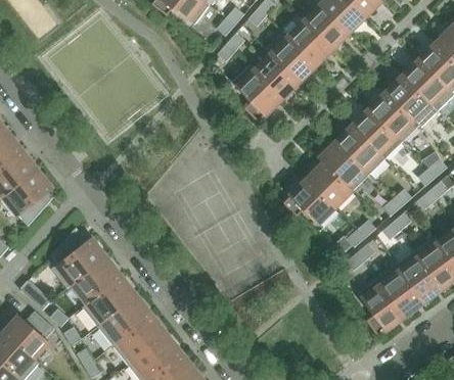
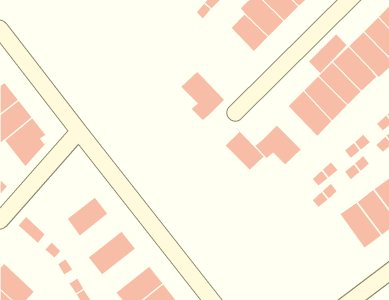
building: [233,65,282,121] -> [181,71,225,121]
building: none -> [308,34,347,74]
building: [308,157,352,205] -> [225,127,265,171]
building: [51,227,106,287] -> none
building: [89,276,136,320] -> none
building: [358,277,405,335] -> none
building: [5,311,54,360] -> none
building: [114,315,167,364] -> none

